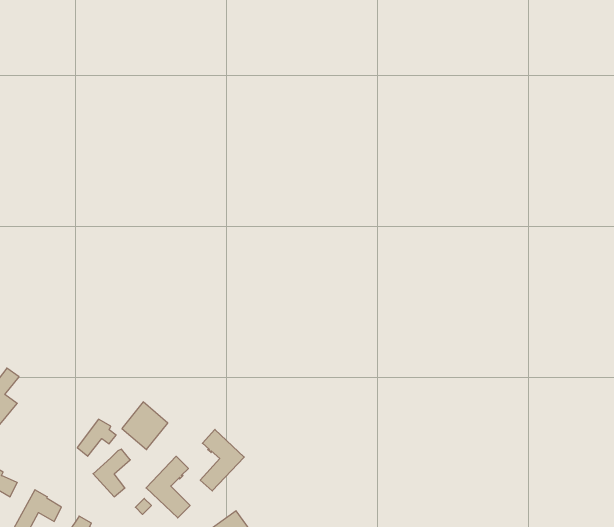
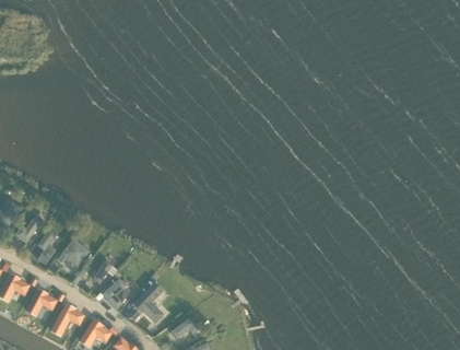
building: [122,402,168,450] -> [60,238,89,268]
building: [200,429,244,491] -> none

